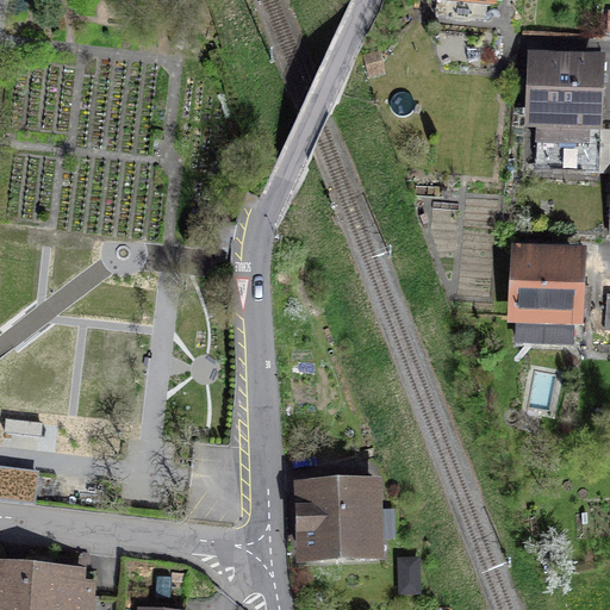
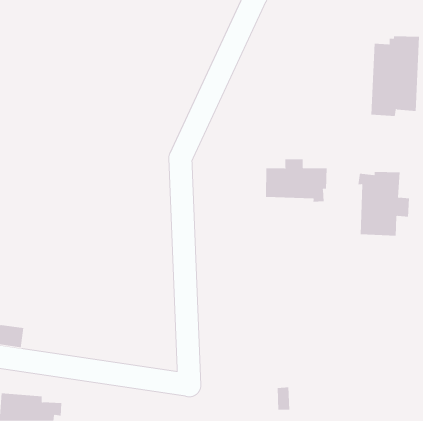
building: none -> [265,158,327,202]
building: [304,473,369,549] -> none

